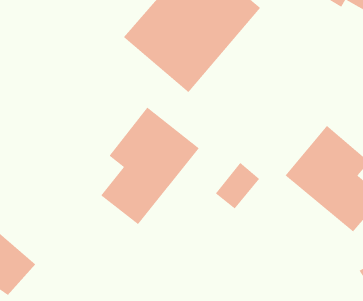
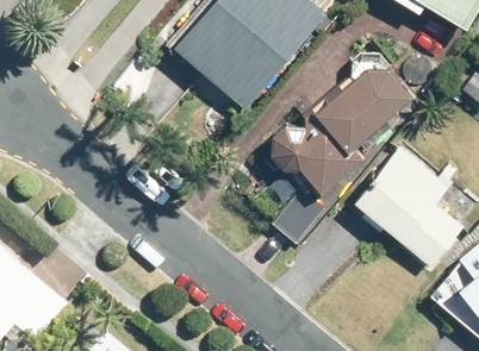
building: none -> [267,69,410,194]
building: [100,106,200,225] -> none

